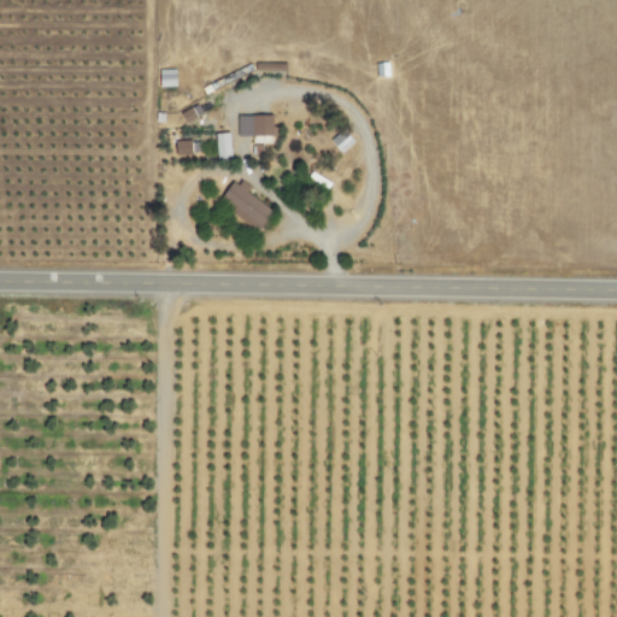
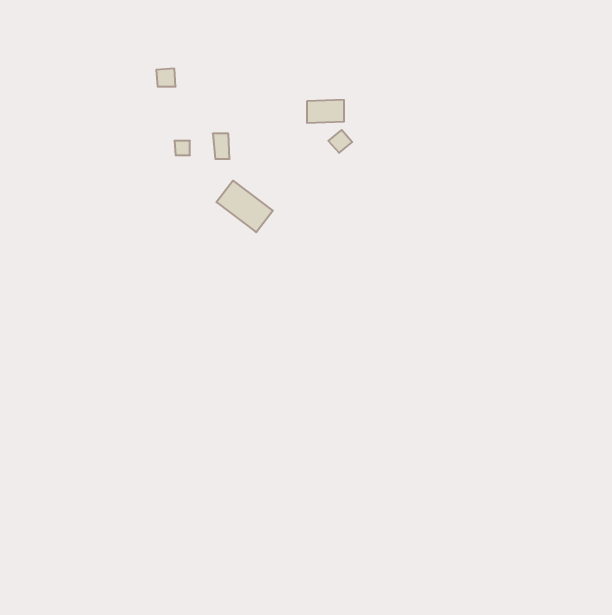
building: [239,114,276,137] -> [307,100,344,123]

